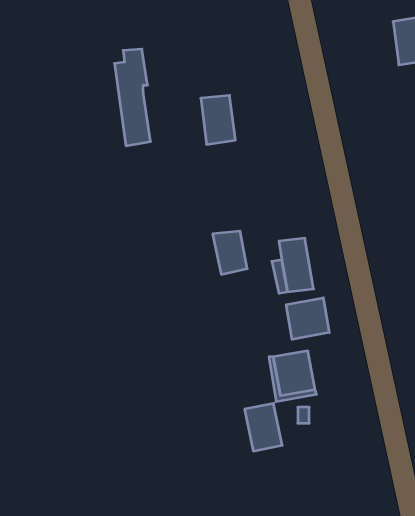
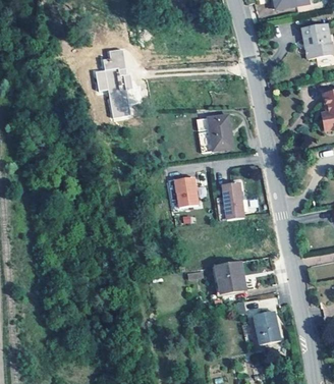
building: [201,95,235,144] -> [209,114,233,149]
building: [286,298,329,339] -> none
building: [245,403,282,451] -> [255,310,281,343]

